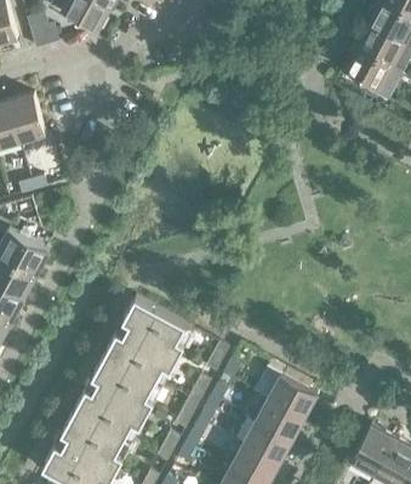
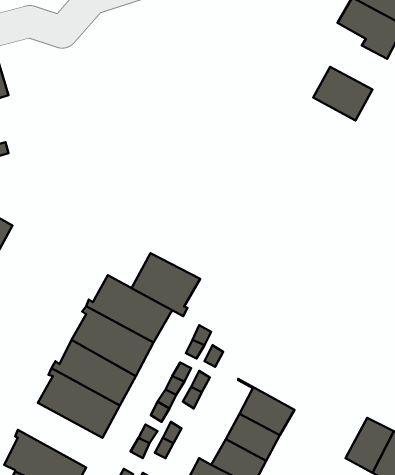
building: none -> [313,67,372,120]
building: none -> [131,253,200,316]
building: [253,366,316,417] -> none
building: [55,411,131,469] -> none

